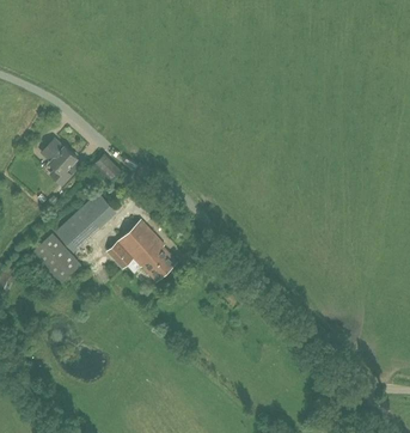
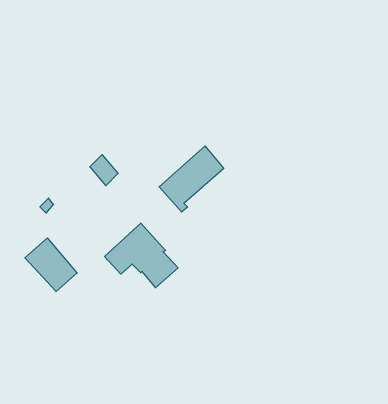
building: [39,139,75,184] -> none
building: [57,189,120,252] -> [159,146,224,212]

